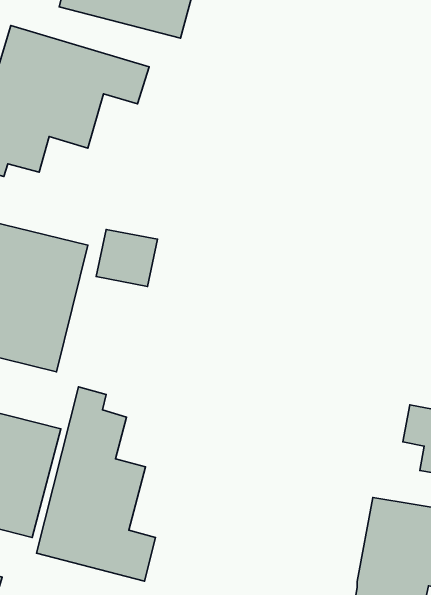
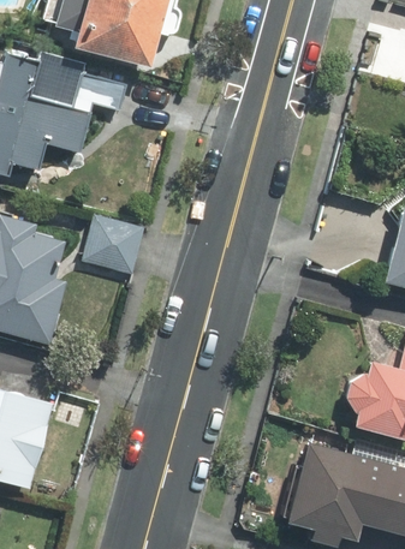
building: [36,387,156,581] -> none

